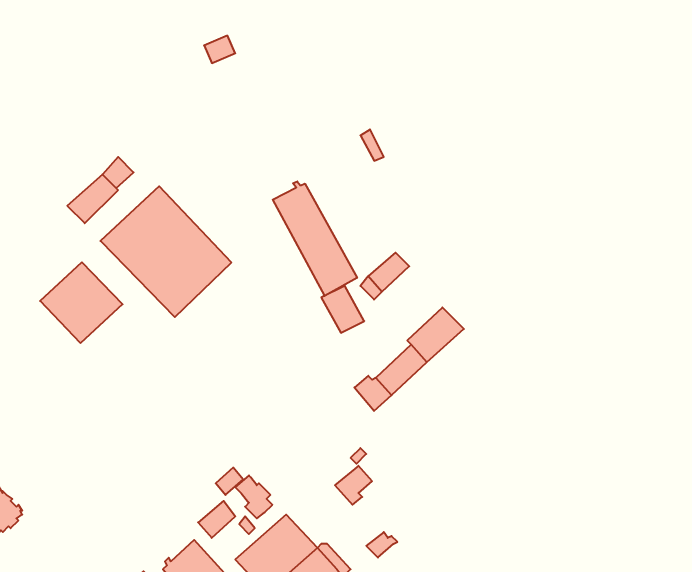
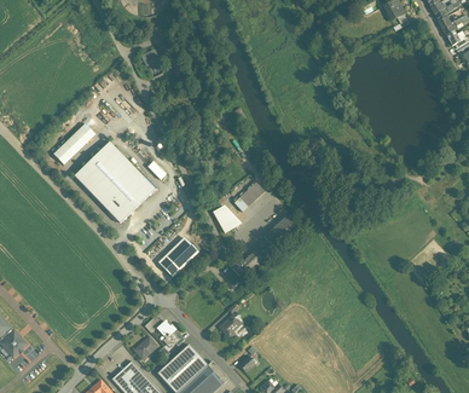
building: [273,181,357,296] -> none
building: [40,262,123,343] -> none
building: none -> [158,237,198,277]

